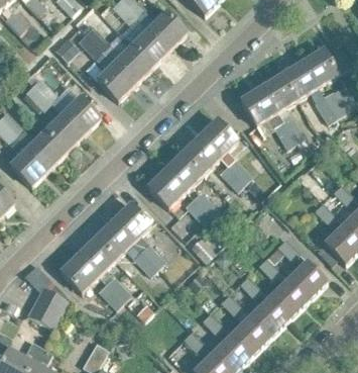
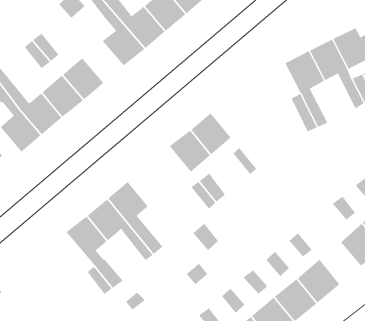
building: [240,86,277,125] -> none
building: [199,118,237,157] -> none
building: [146,169,185,207] -> none
building: [59,254,98,292] -> none
building: [28,286,69,328] -> none

